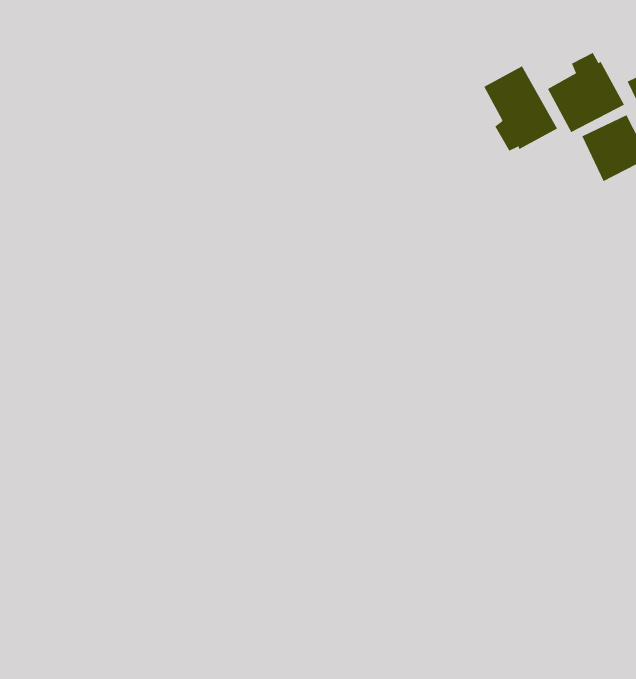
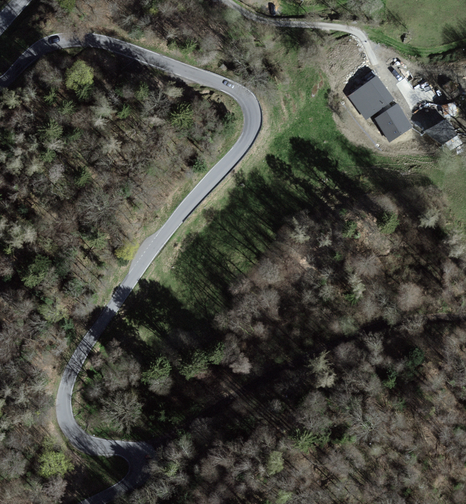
building: [484,66,558,152] -> none

